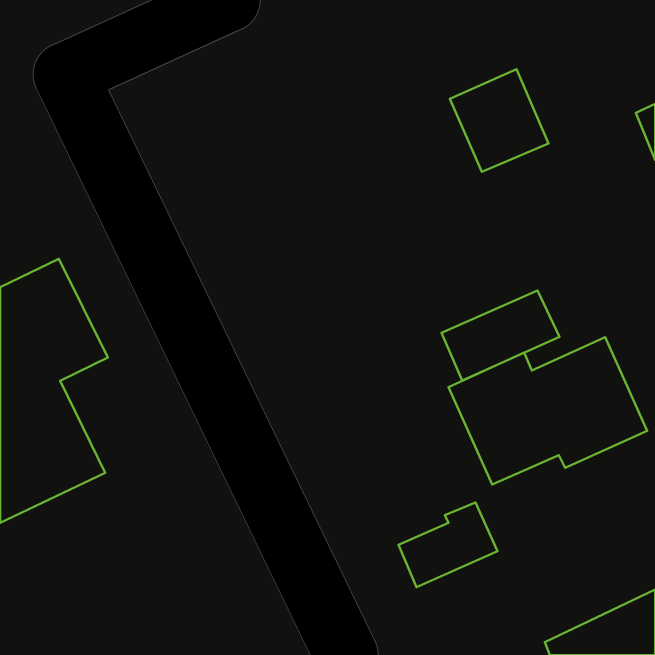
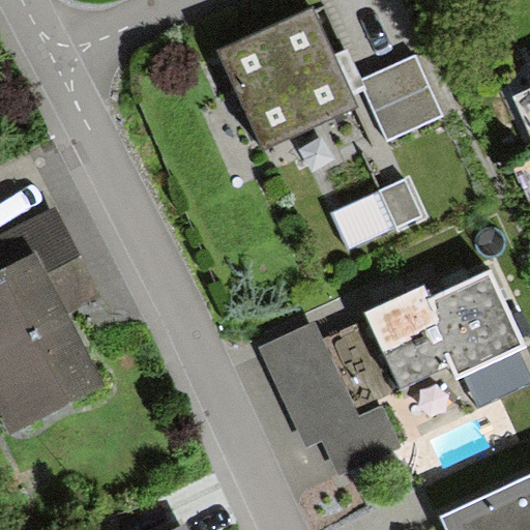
building: none -> [216,4,359,150]
building: [442,291,559,380] -> [329,178,424,251]
building: none -> [261,323,362,447]

